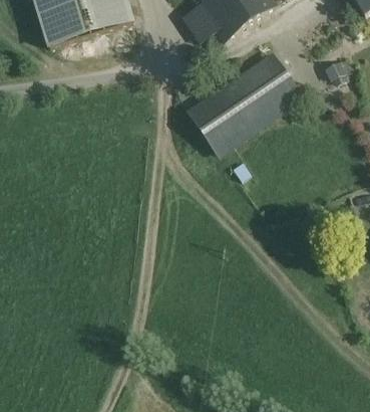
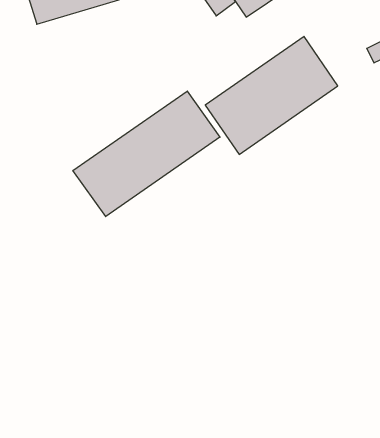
building: none -> [73,91,220,217]

